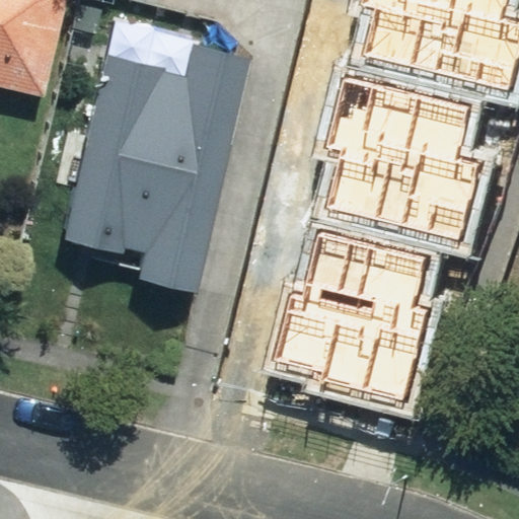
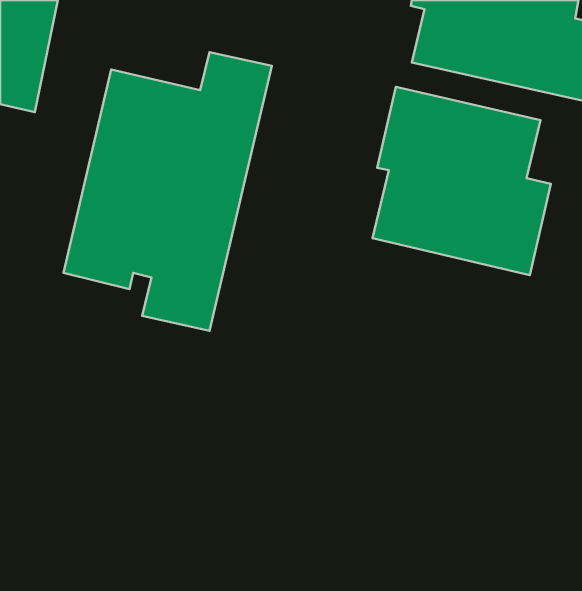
building: [283,230,438,403] -> none

